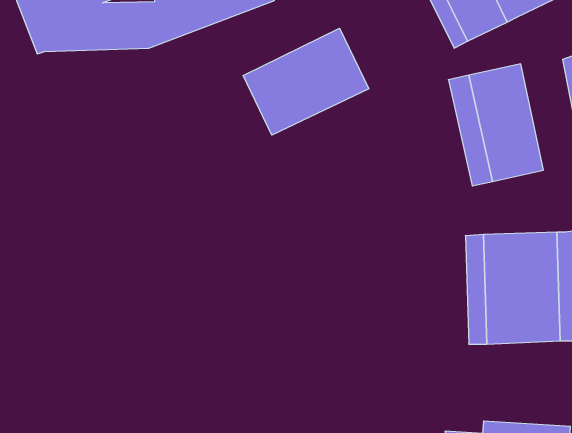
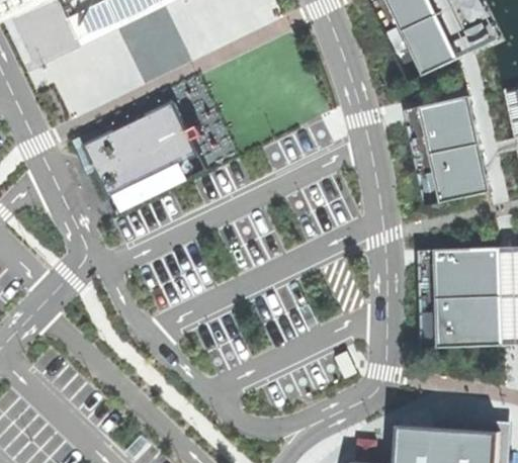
building: [243,28,369,135] -> none
building: none -> [85,99,209,212]

